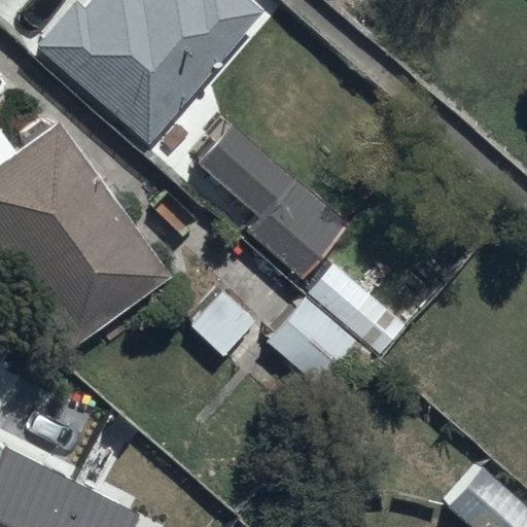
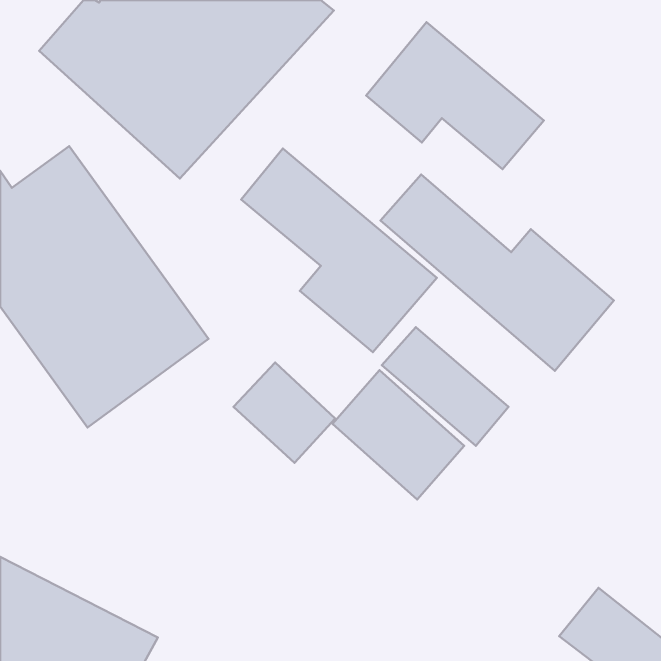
building: none -> [366,22,544,169]
building: none -> [380,174,614,371]

